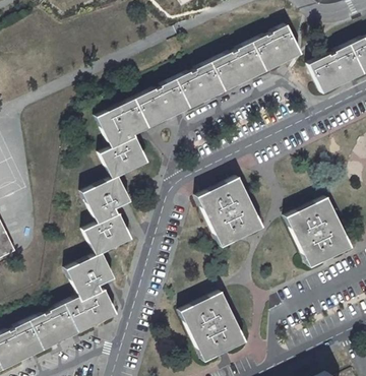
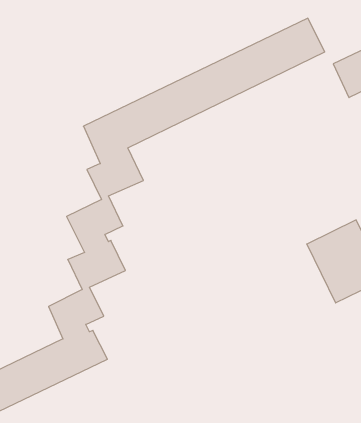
building: [198,176,262,246] -> none
building: [180,291,245,360] -> none

